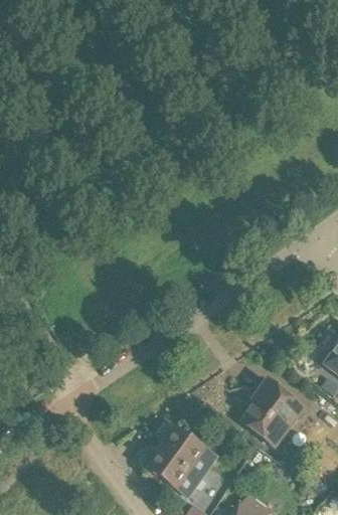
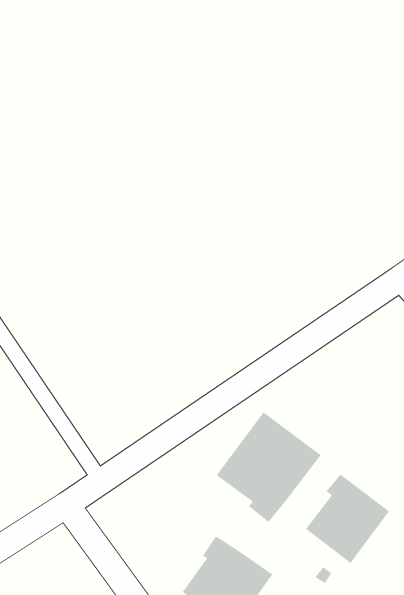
building: none -> [216,411,321,523]

